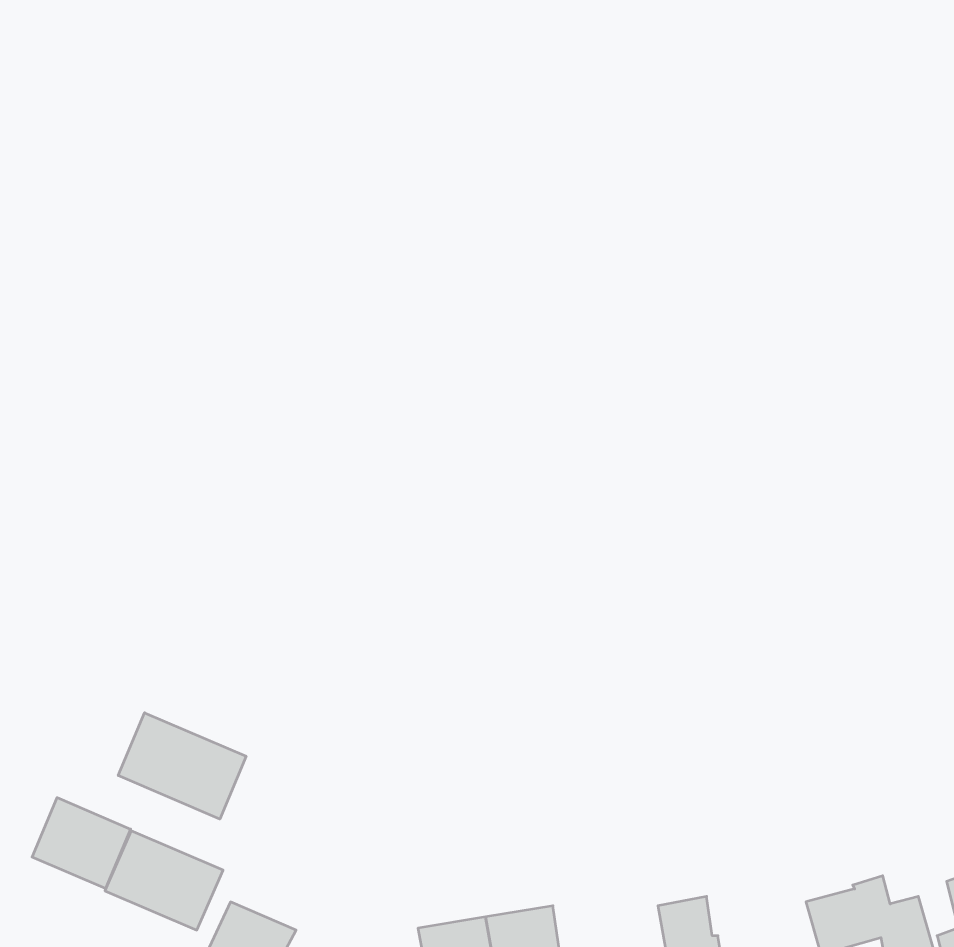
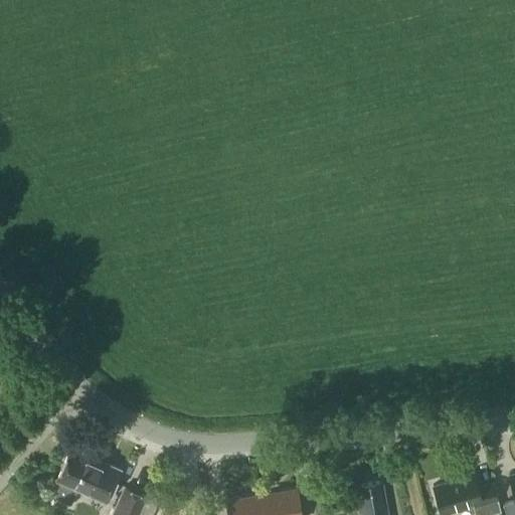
building: [118,713,246,819] -> none
building: [32,798,131,889] -> none

